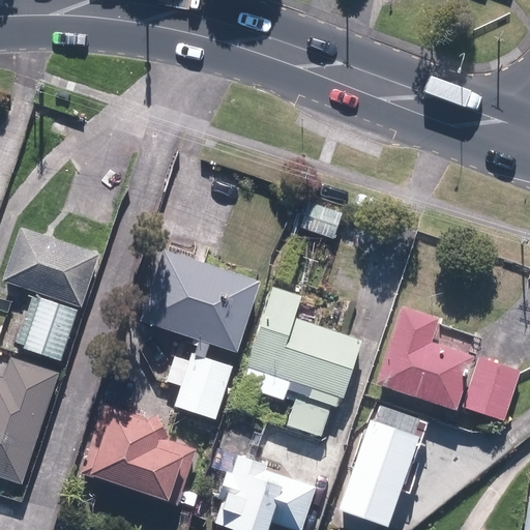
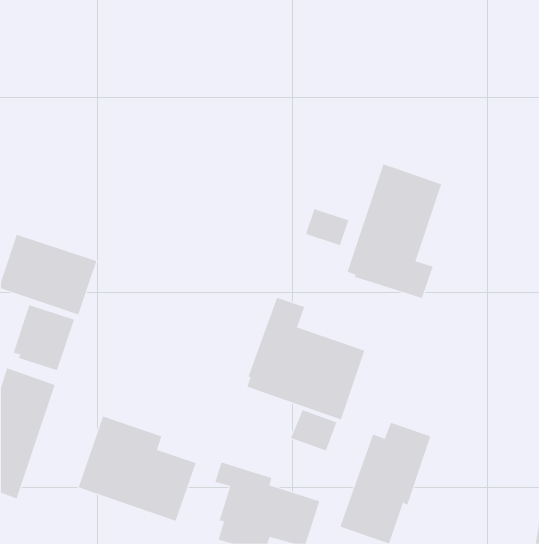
building: none -> [347,163,442,299]
building: [139,249,259,419] -> none
building: [376,305,473,409] -> none
building: [464,356,522,420] -> none

